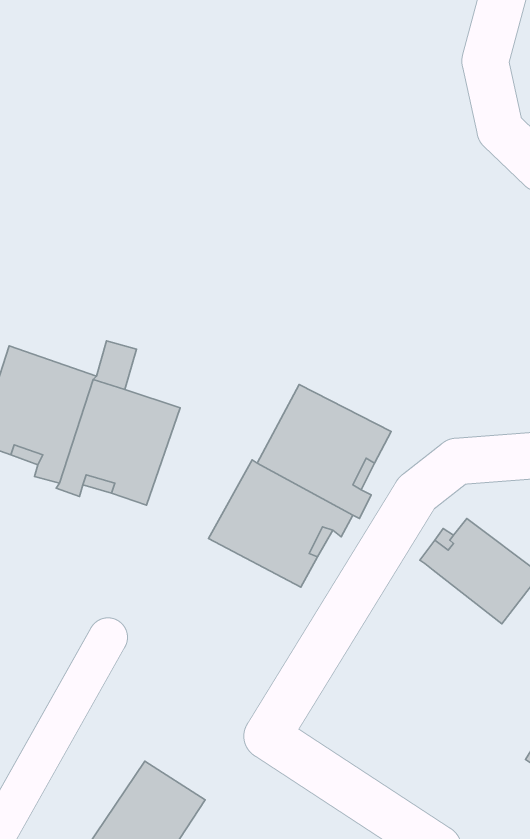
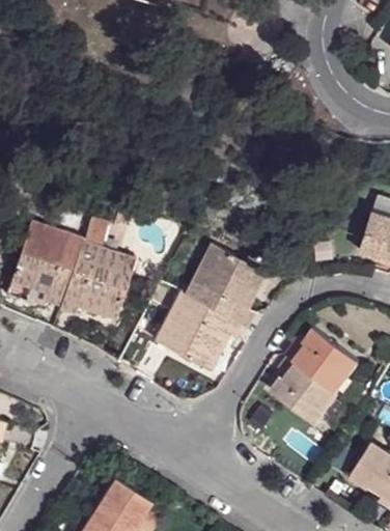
building: none -> [271,356,337,424]

